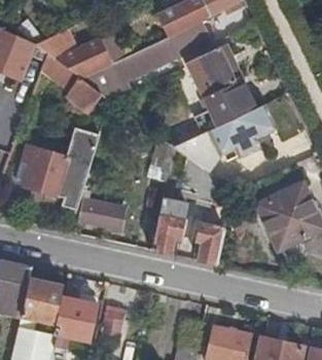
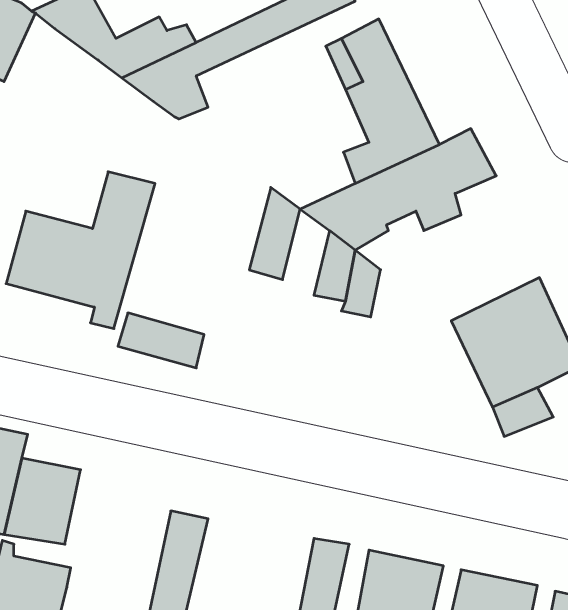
building: [40,51,99,107] -> none
building: [151,201,188,255] -> none
building: [195,223,223,265] -> none
building: [53,291,99,352] -> none

